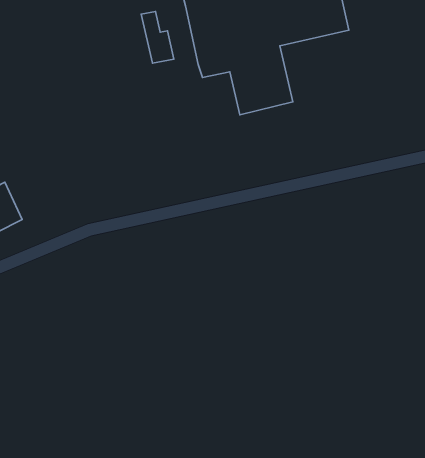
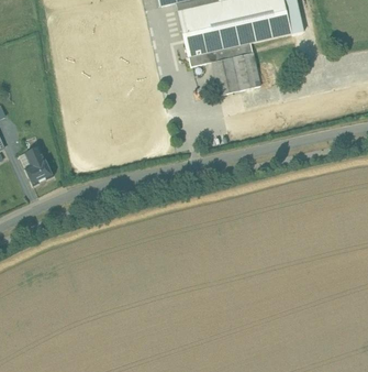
building: [141,11,174,63] -> none

